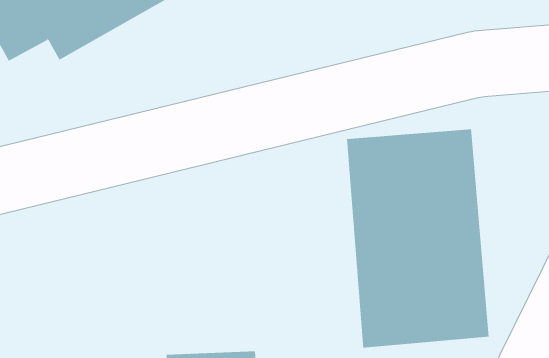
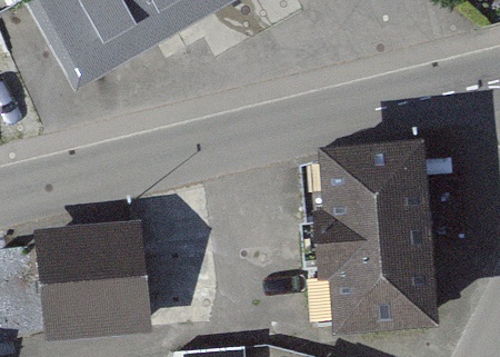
building: none -> [34,224,148,335]

